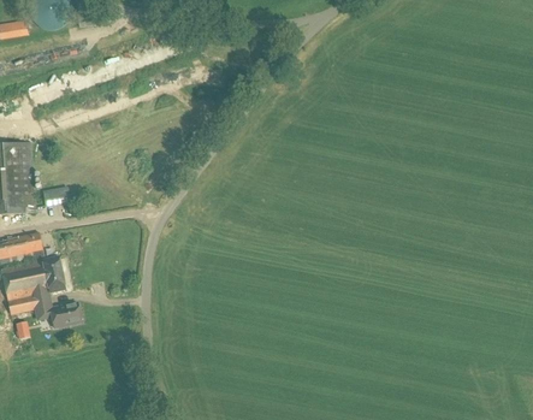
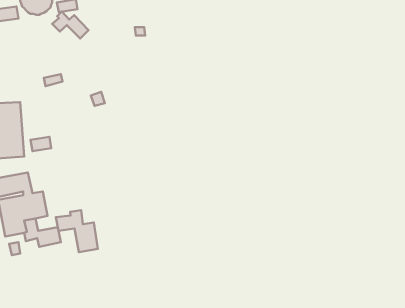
building: none -> [52,12,88,38]
building: none -> [56,210,98,252]

